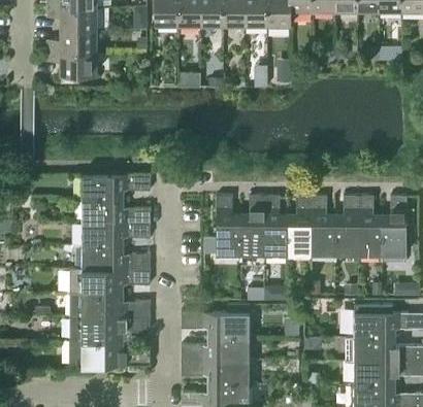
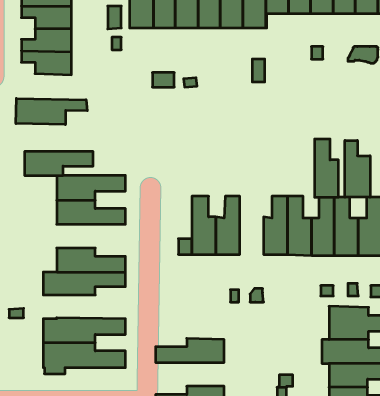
building: none -> [16,98,87,125]
building: none -> [345,140,370,197]
building: [264,196,288,253] -> [315,139,338,197]
building: [83,224,151,247] -> [25,152,93,175]
building: [69,294,151,317] -> none
building: [181,313,249,338] -> none
building: [181,361,249,384] -> none

